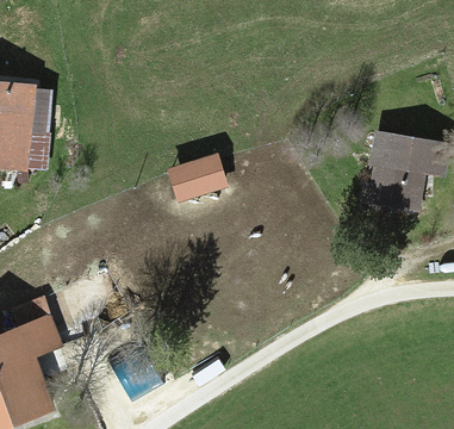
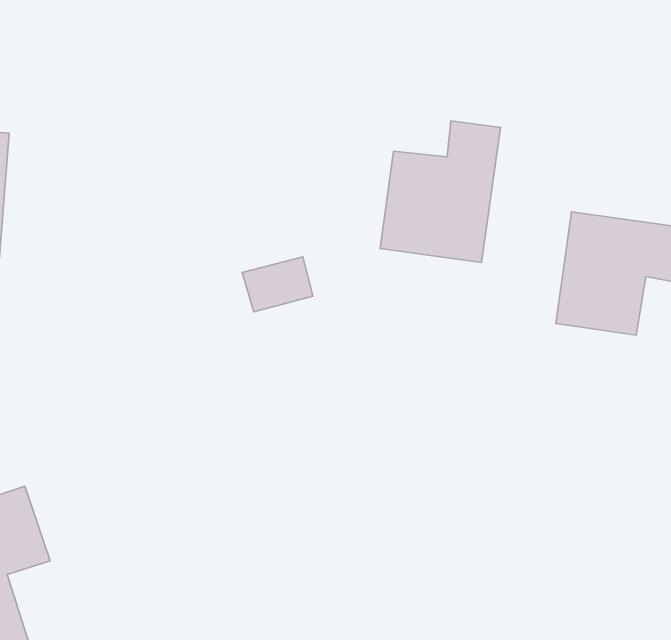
building: none -> [380,121,501,263]

